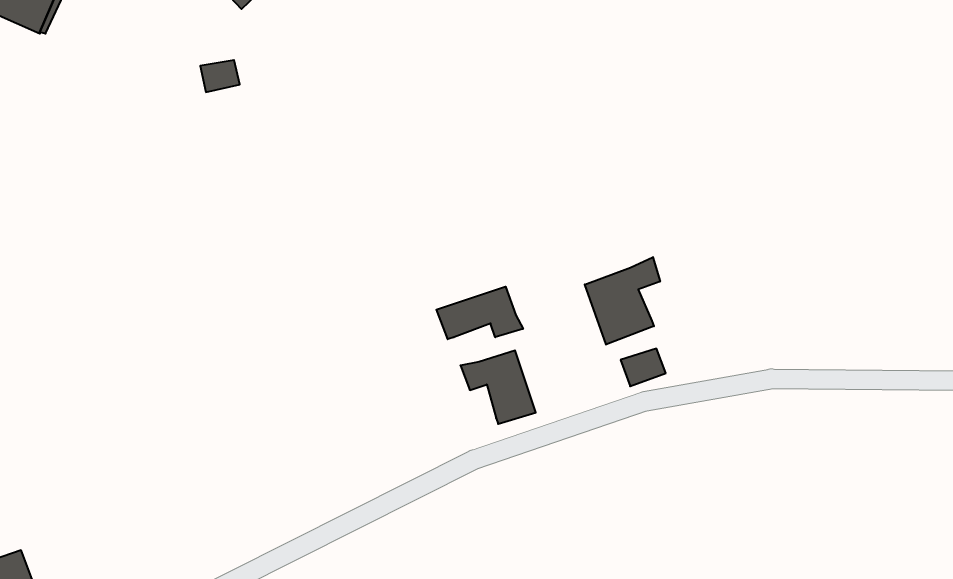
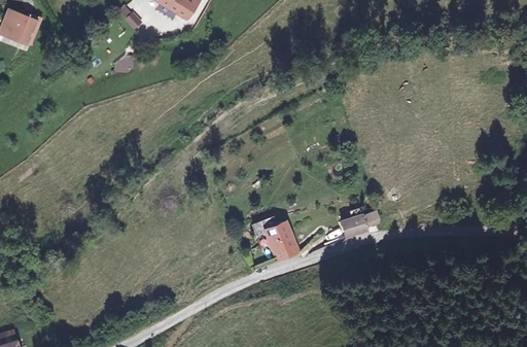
building: [585,257,660,345] -> none
building: [436,287,523,339] -> none

